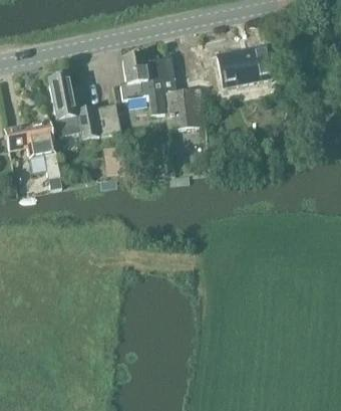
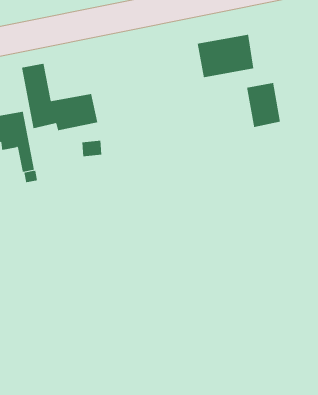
building: [119,51,204,129] -> none
building: none -> [246,82,281,128]

